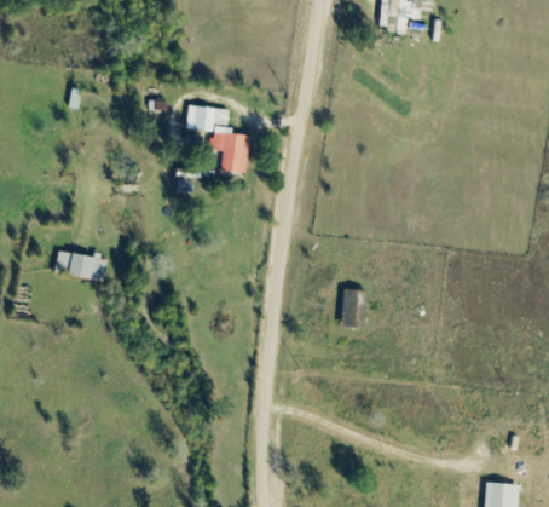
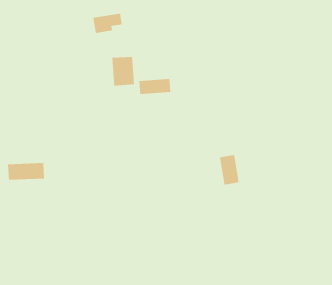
building: [189,106,227,128] -> [93,13,123,33]
building: none -> [139,78,171,95]

